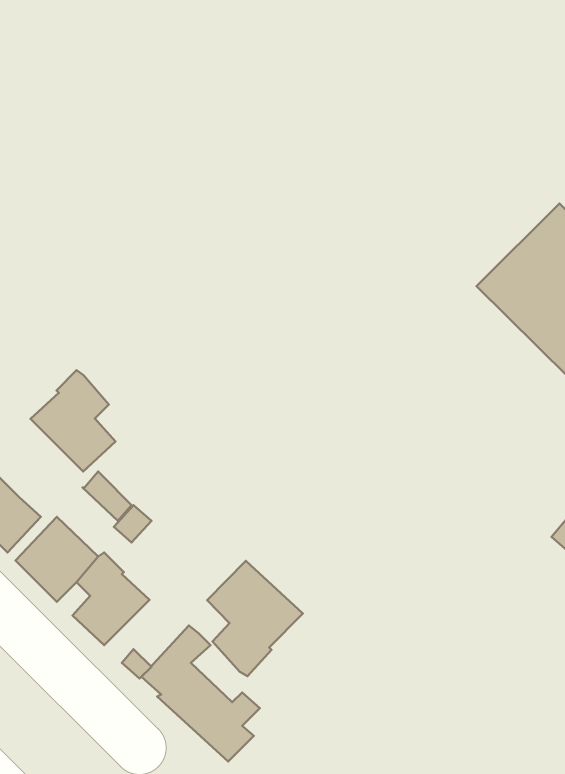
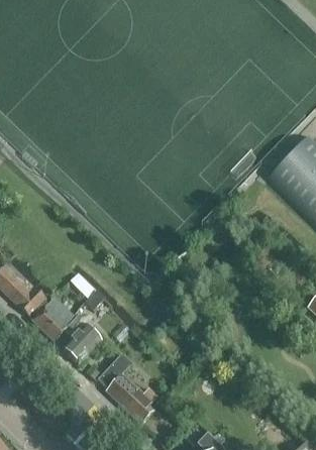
building: [31,370,116,471] -> none
building: [207,561,303,676] -> none

